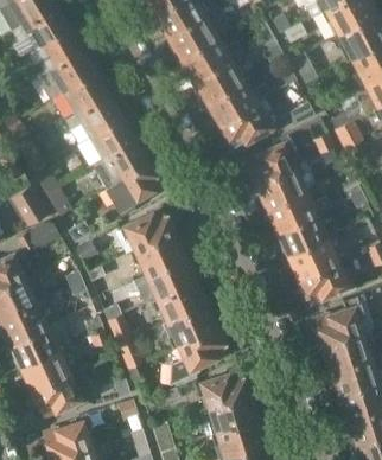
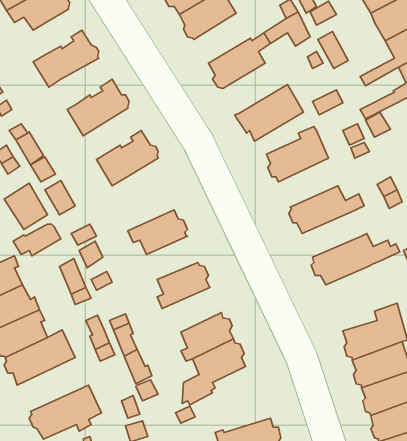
building: [34,30,78,70] -> none
building: [179,33,230,78] -> none
building: [59,74,106,115] -> none
building: [205,78,269,123] -> none
building: [79,119,132,165] -> none
building: [255,161,317,207] -> none
building: [106,164,160,216] -> none
building: [276,212,330,253] -> none
building: [130,234,185,273] -> none
building: [297,261,356,304] -> none
building: [151,280,205,320] -> none
building: [20,343,84,391] -> none
building: [196,370,249,410] -> none

